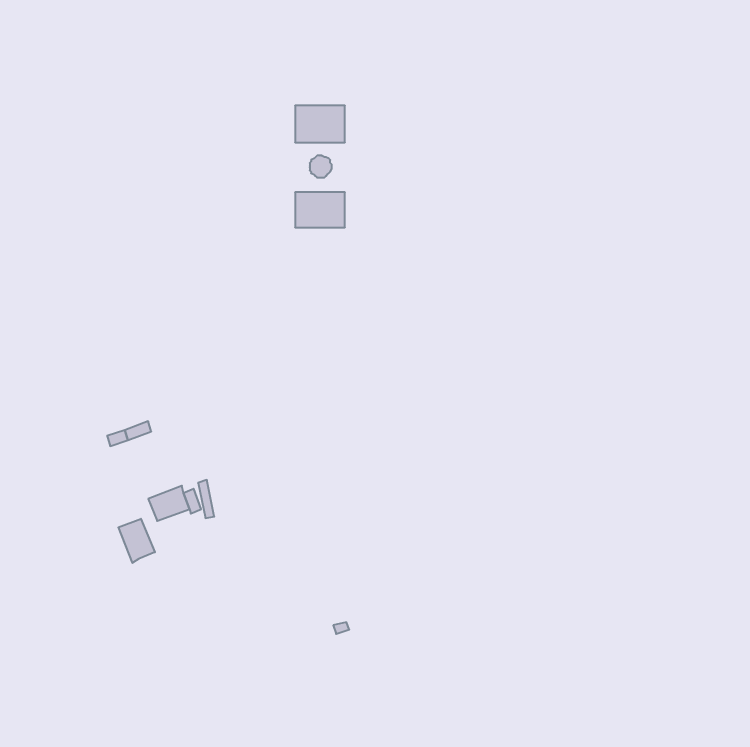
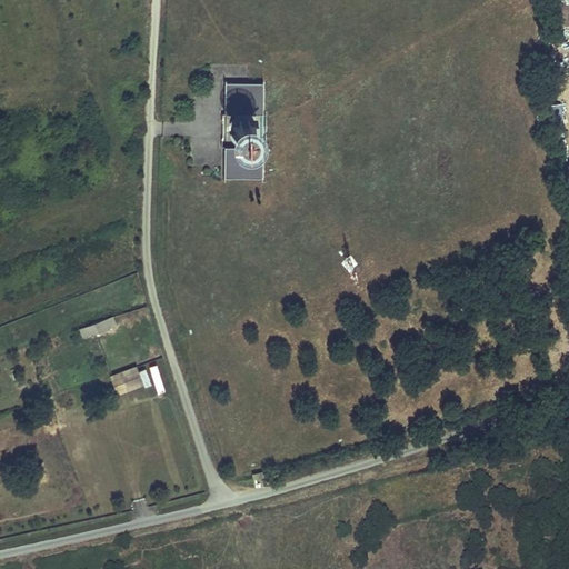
building: [118,519,155,563] -> none

